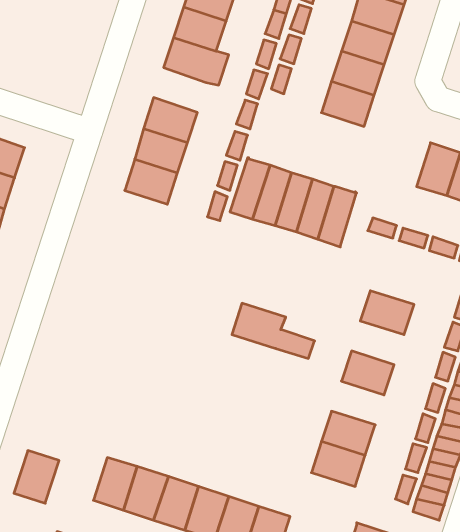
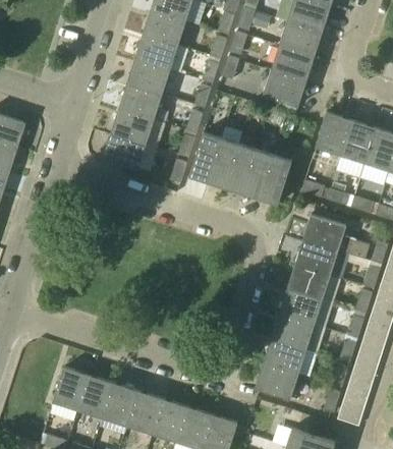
building: none -> [126,59,169,96]
building: none -> [315,112,351,156]
building: [232,303,315,358] -> [302,215,370,260]
building: none -> [287,265,330,300]
building: none -> [271,314,314,349]
building: [14,451,59,503] -> [52,368,89,410]

